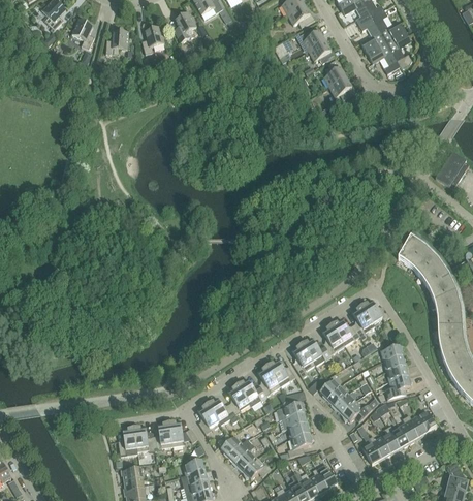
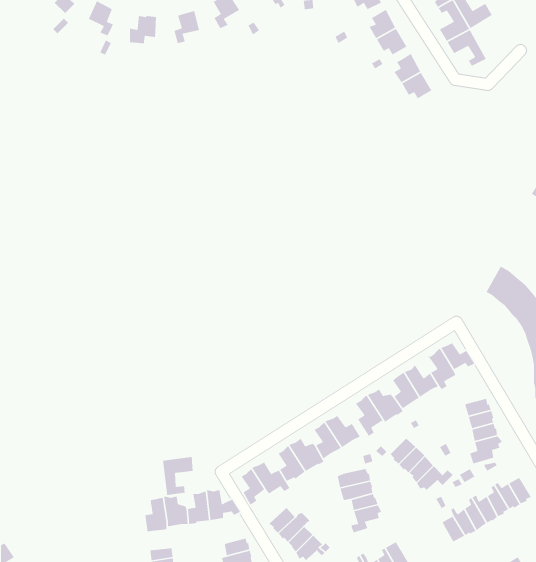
building: [386,30,413,68] -> none
building: none -> [162,456,194,496]

